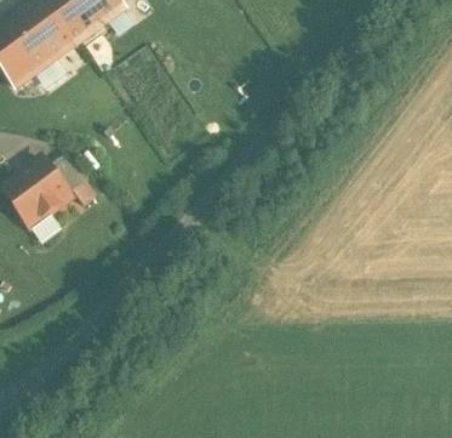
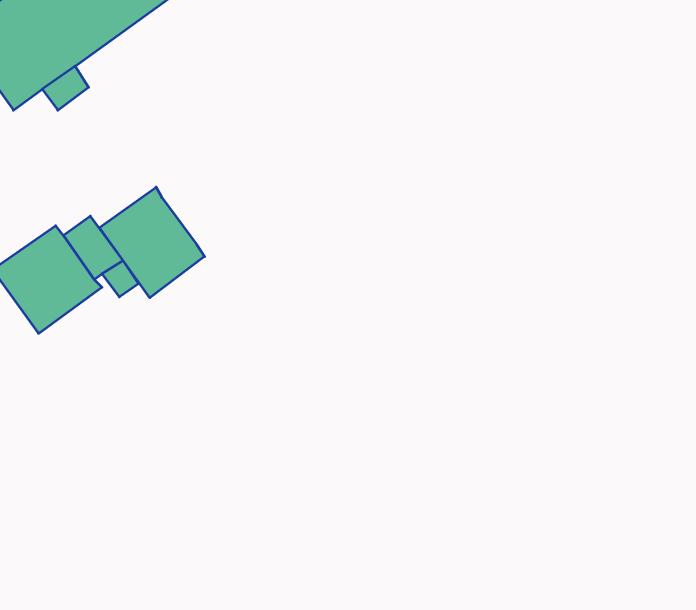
building: none -> [100,187,205,298]

